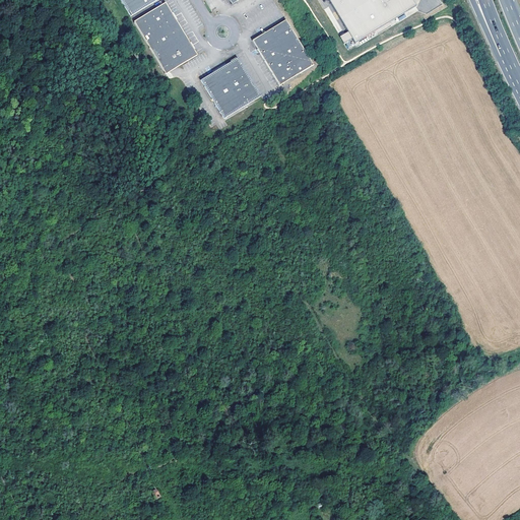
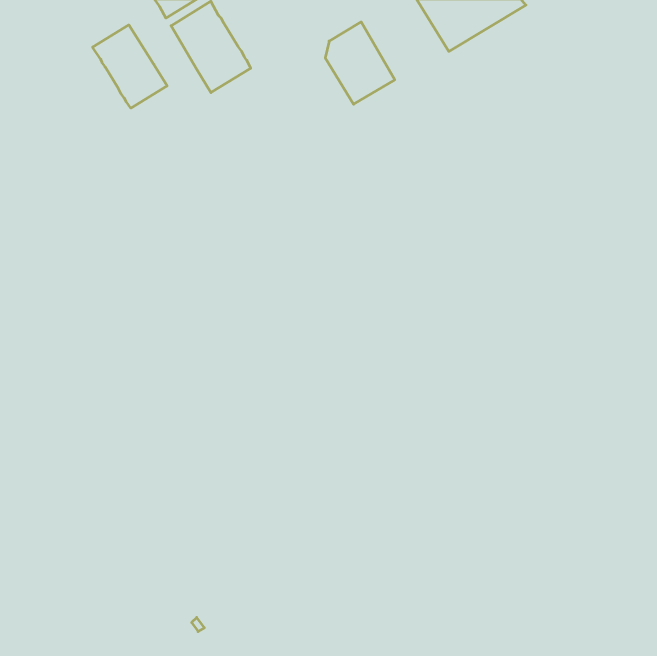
building: none -> [93,25,167,108]
building: [200,55,261,117] -> none

